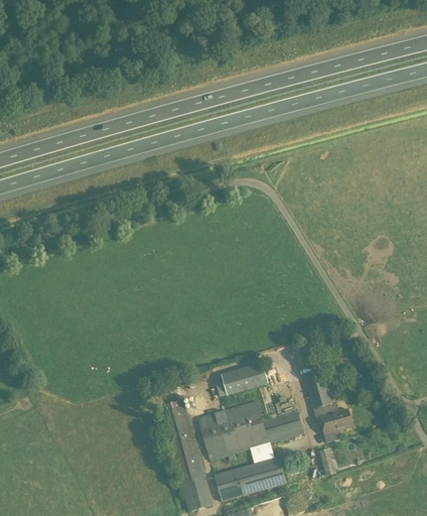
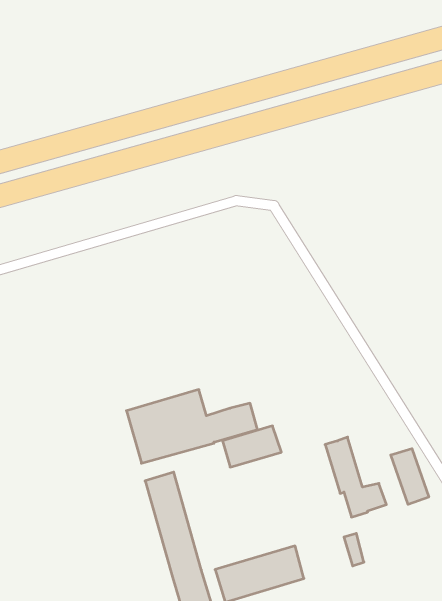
building: none -> [391,449,429,504]
building: [198,399,304,459] -> [126,390,258,463]

